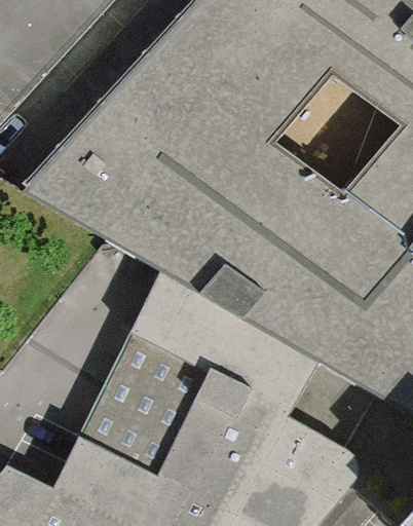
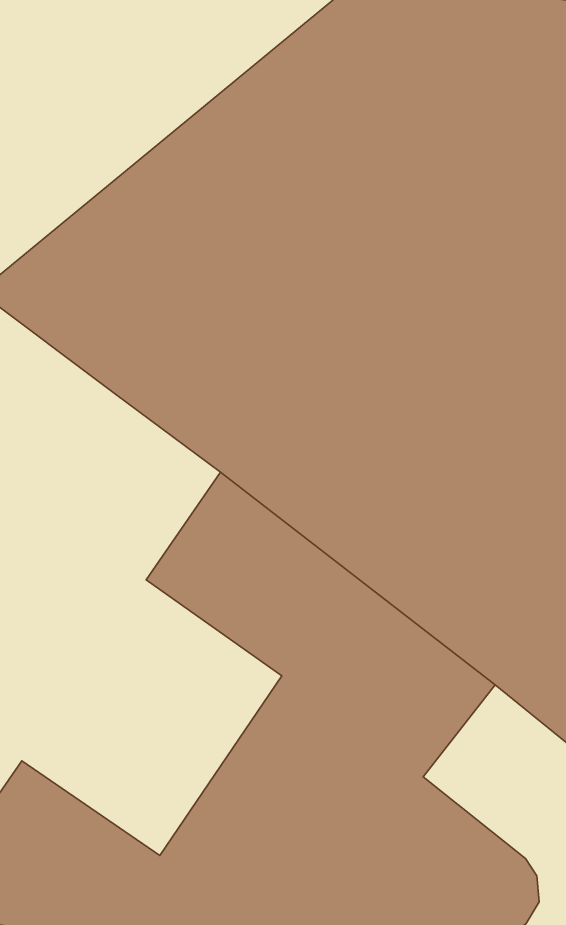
building: [77,334,206,477] -> none

